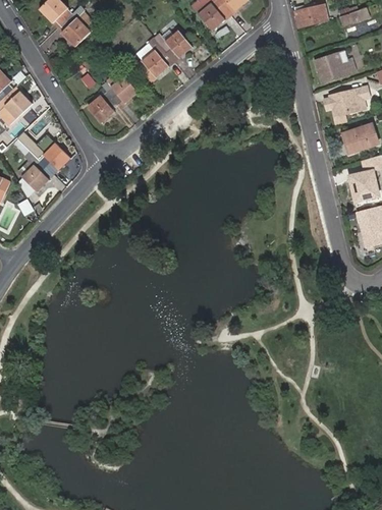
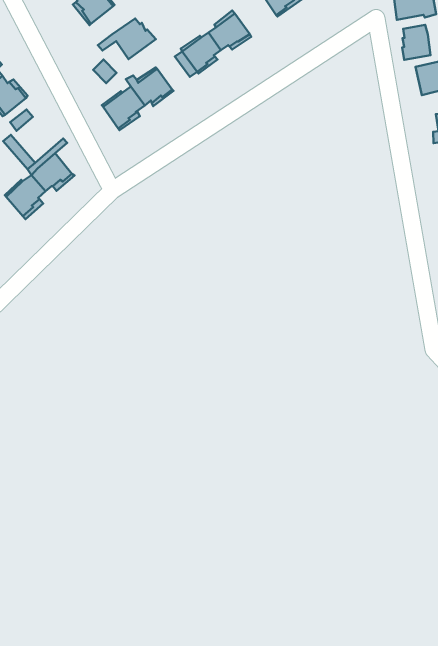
building: none -> [402,25,430,60]
building: none -> [98,19,156,59]

